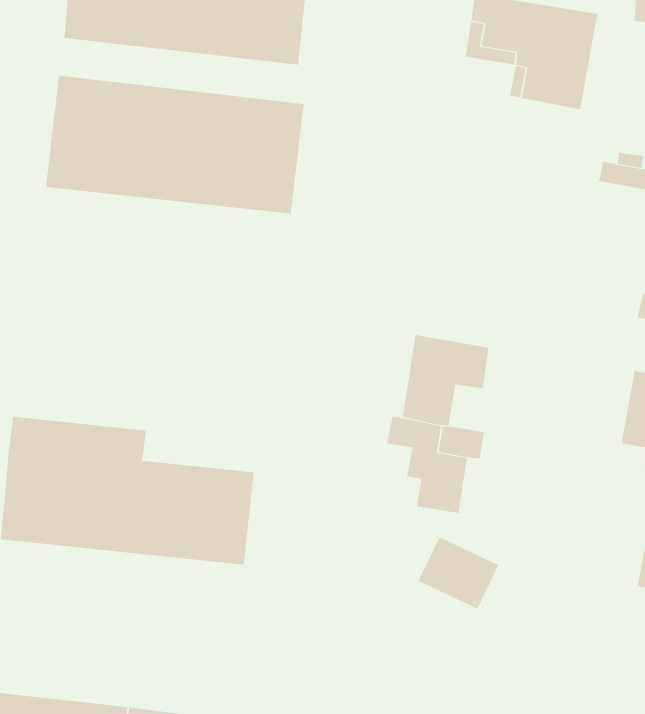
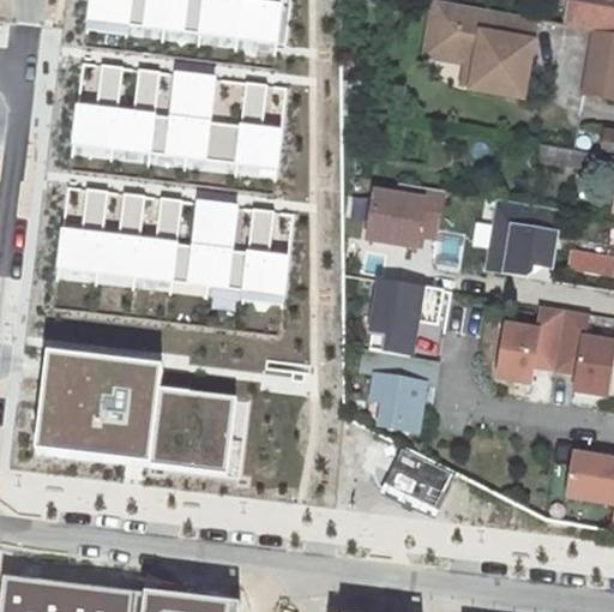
building: none -> [366,185,444,246]
building: none -> [55,187,293,307]
building: none -> [486,200,562,277]
building: none -> [496,307,565,385]

